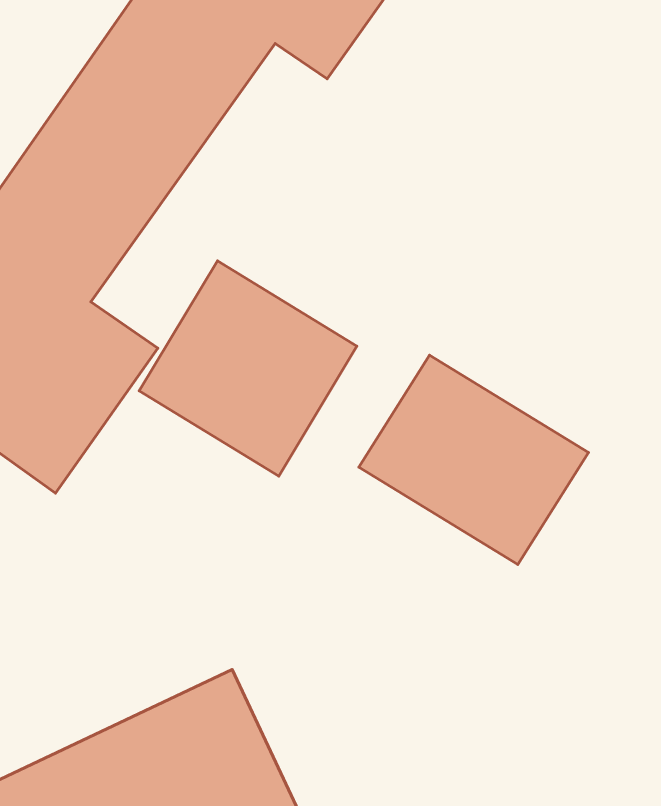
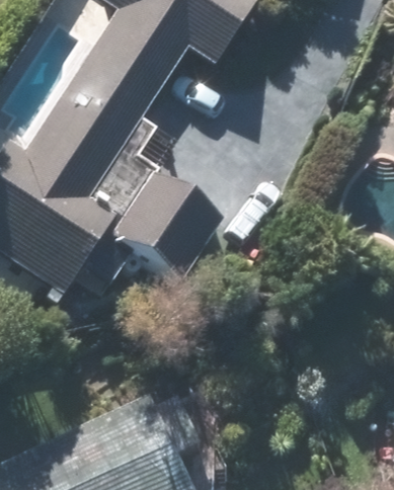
building: [359,355,588,565] -> none

